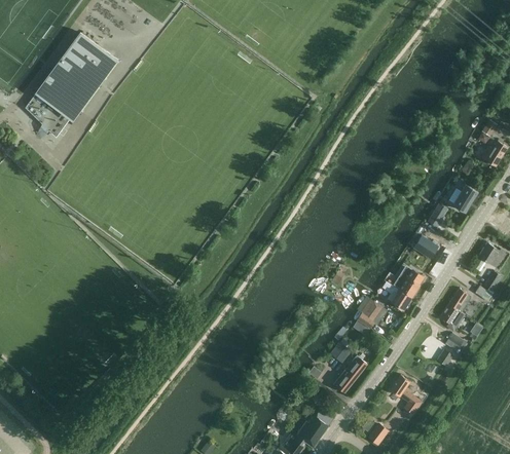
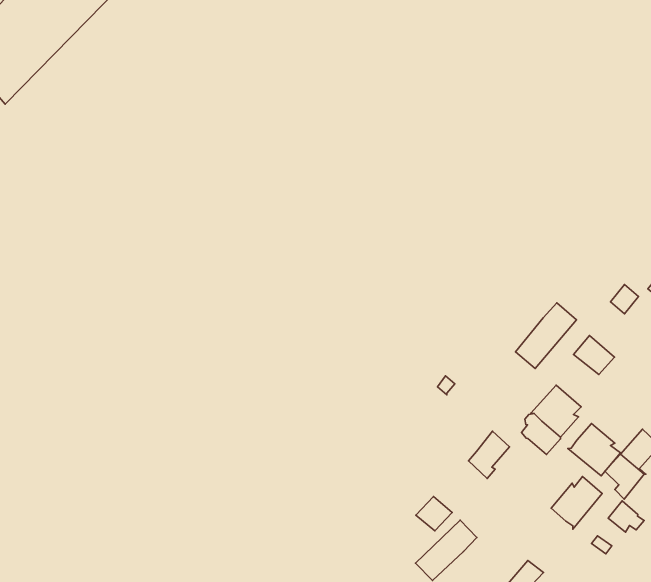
building: none -> [515,303,576,369]
building: none -> [568,423,620,476]
building: none -> [551,477,602,529]

